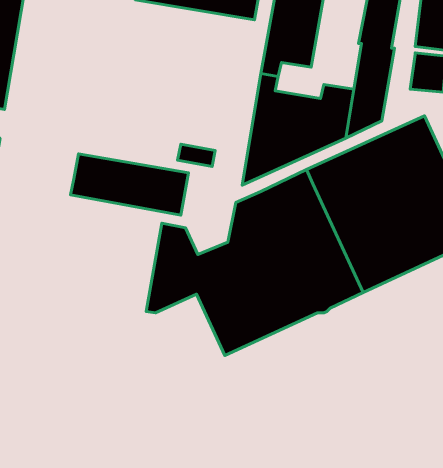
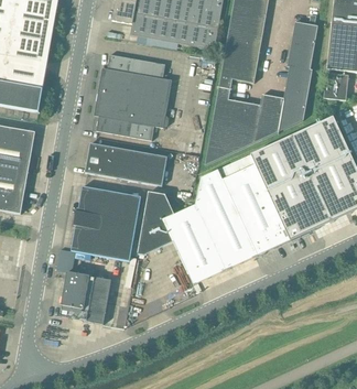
building: none -> [94,53,172,140]
building: none -> [71,185,141,260]
building: none -> [60,271,111,323]

